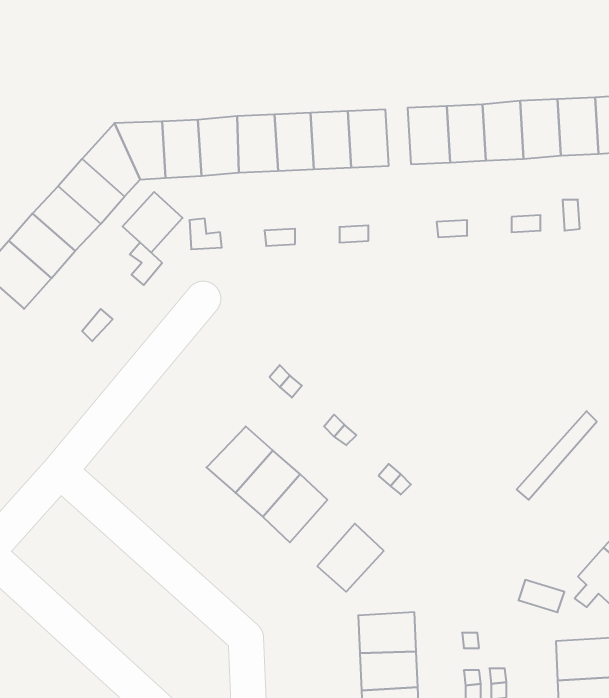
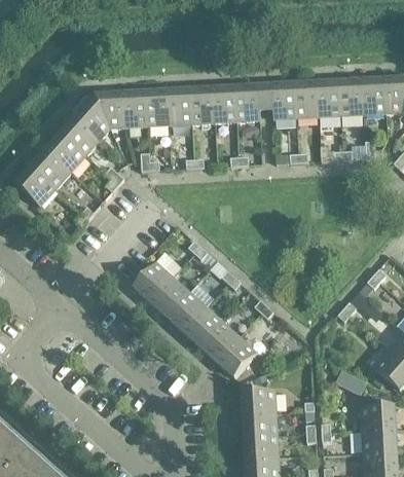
building: [123,192,183,253] -> none
building: none -> [134,261,174,302]
building: none -> [200,322,240,362]

